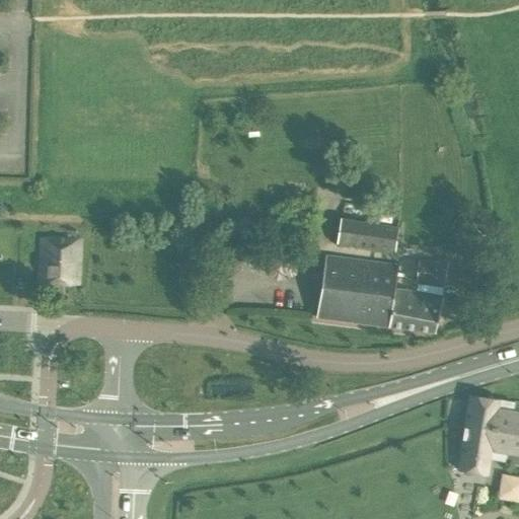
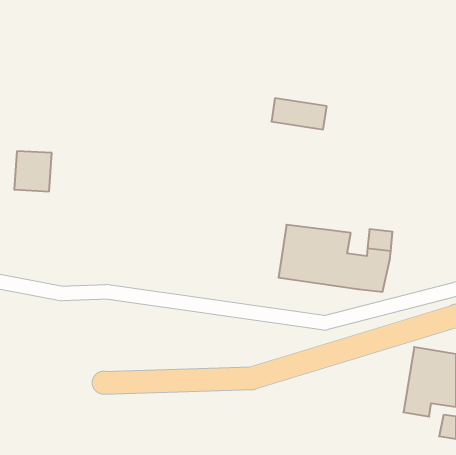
building: [337,218,399,253] -> [271,98,327,129]
building: [40,238,82,284] -> [14,151,52,191]

